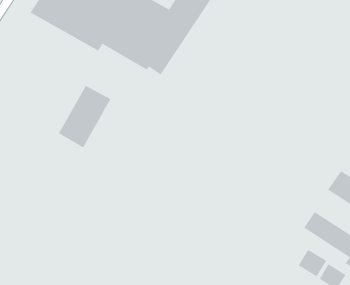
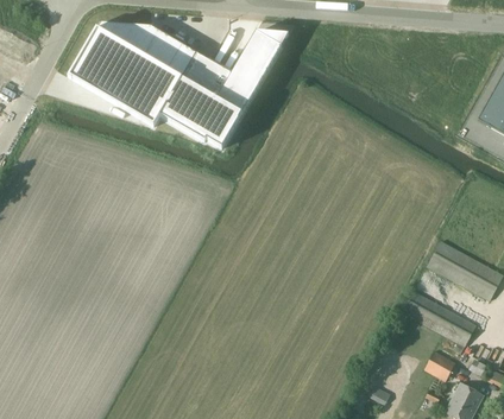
building: [58,85,112,149] -> none
building: [298,249,327,278] -> none

